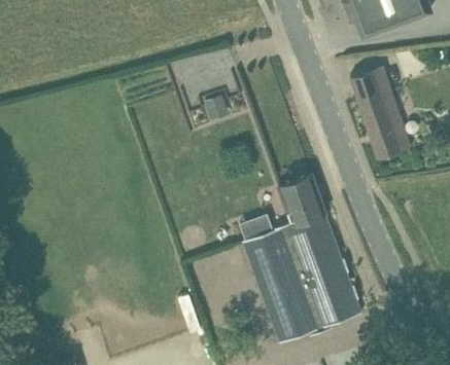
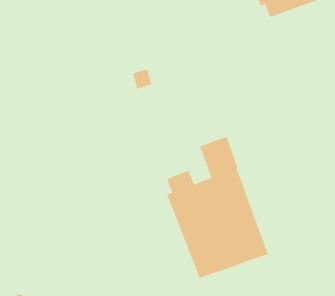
building: [350,66,410,158] -> none

